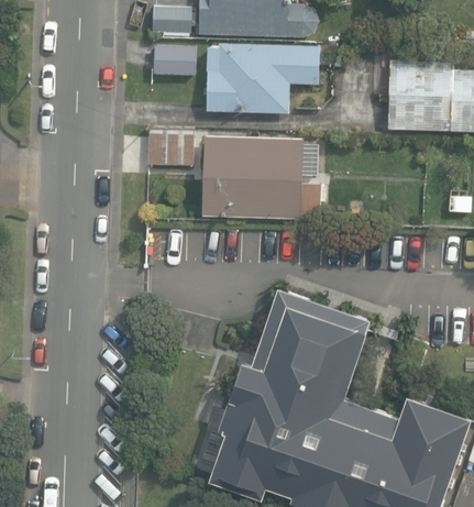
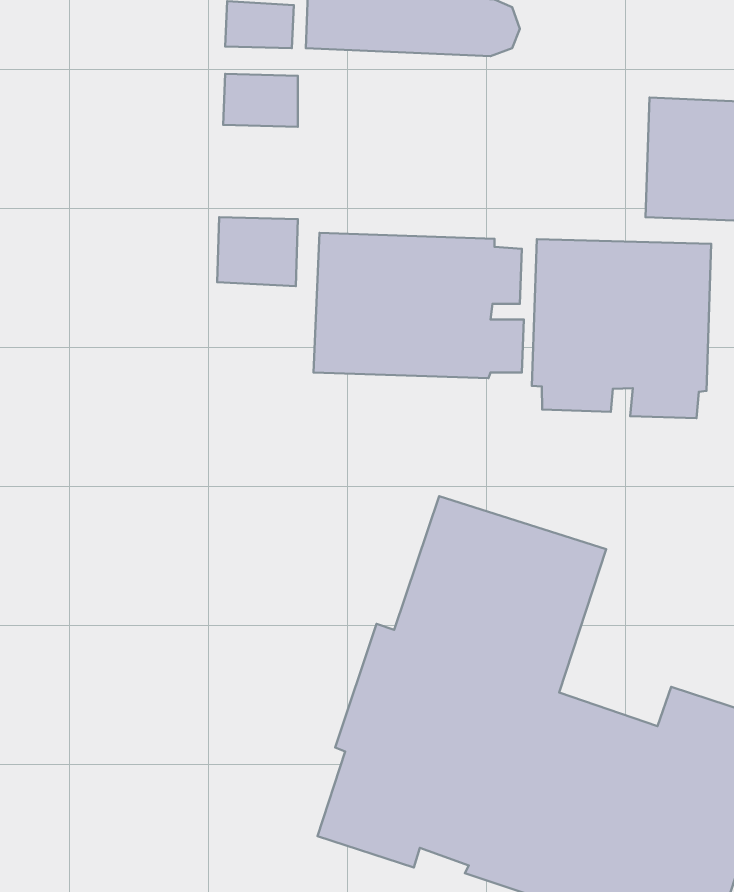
building: [207,45,320,114] -> none
building: none -> [532,239,711,418]

